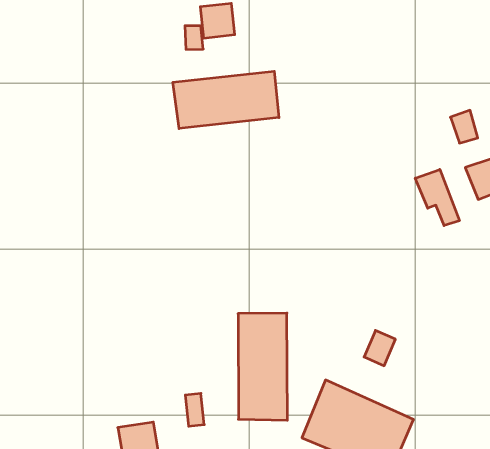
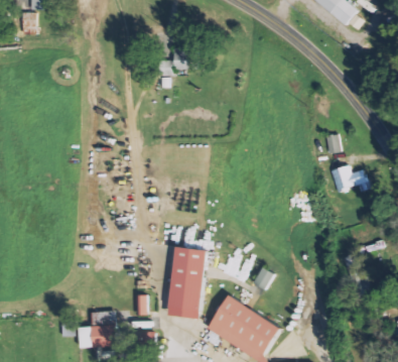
building: [173,71,279,129] -> none
building: [415,169,459,226] -> none

